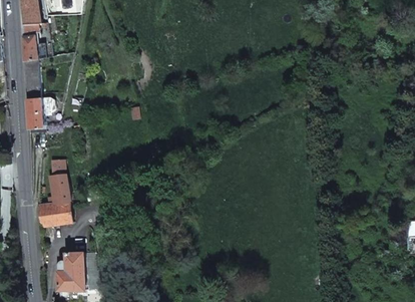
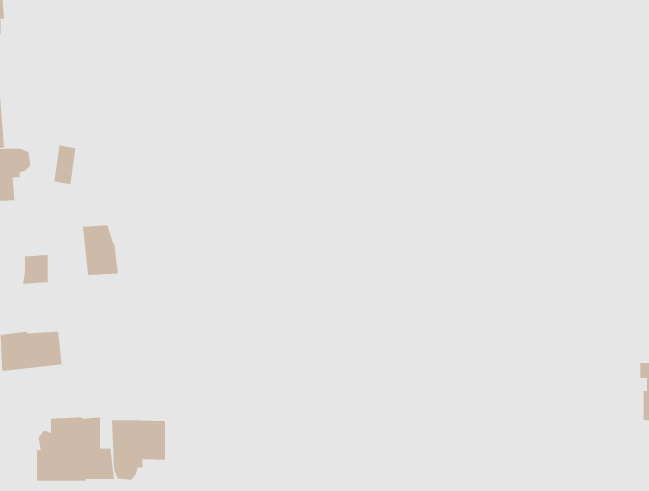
building: [50,175,71,204] -> [82,225,119,275]
building: none -> [111,420,165,480]

